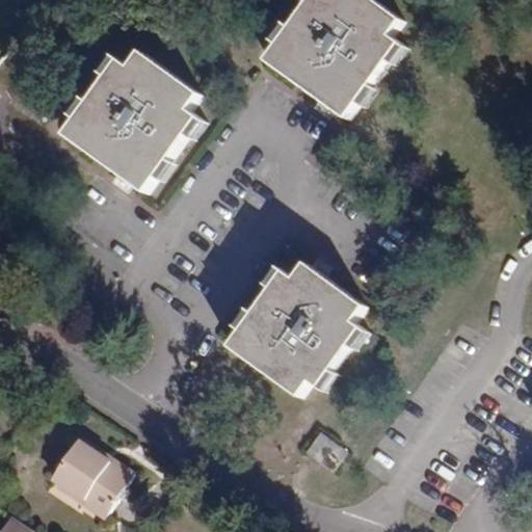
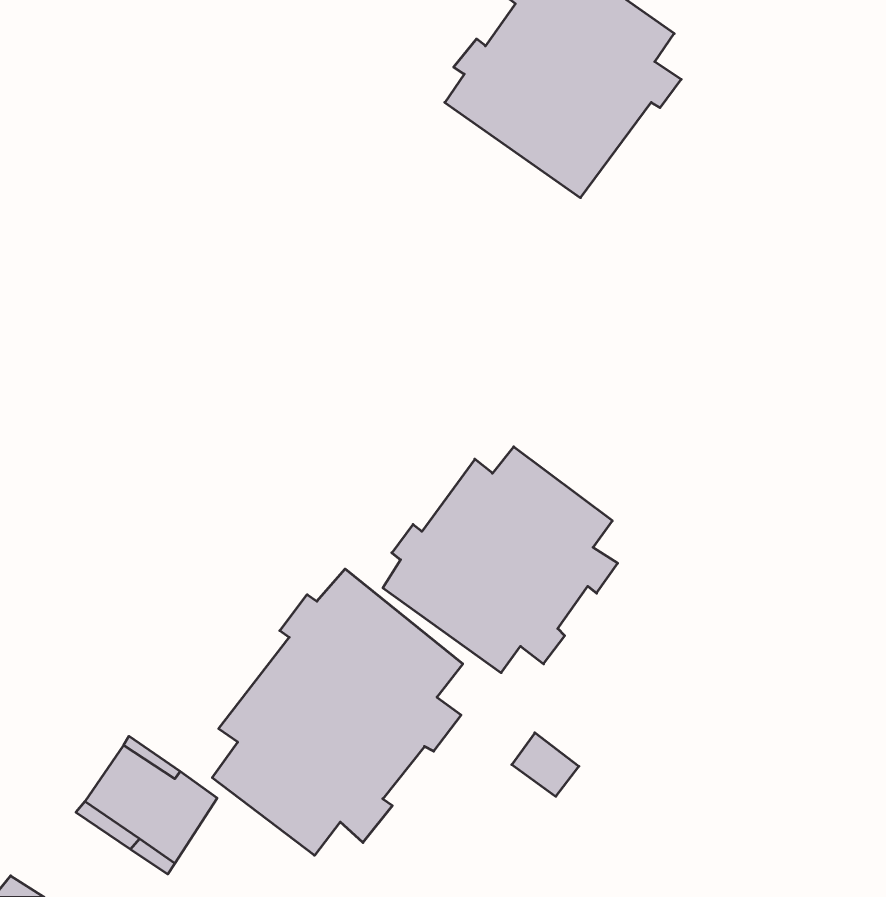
building: [60,50,201,191] -> none
building: none -> [212,569,463,855]

